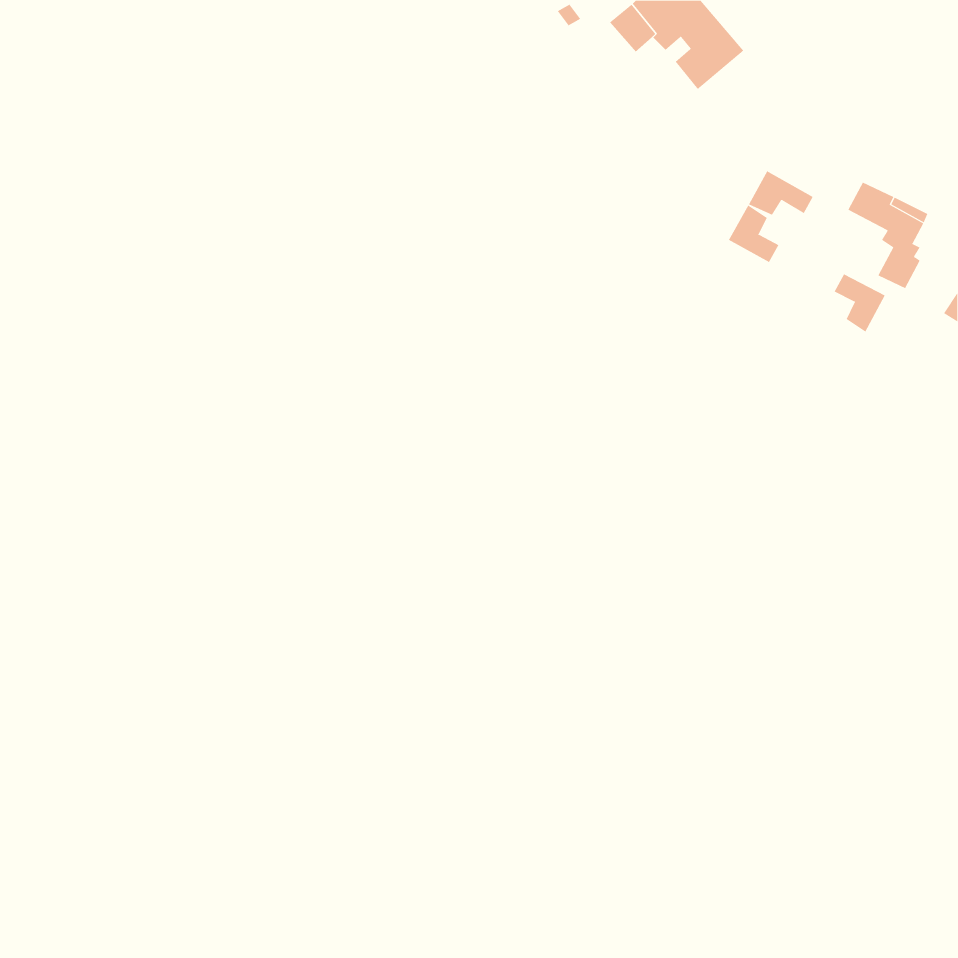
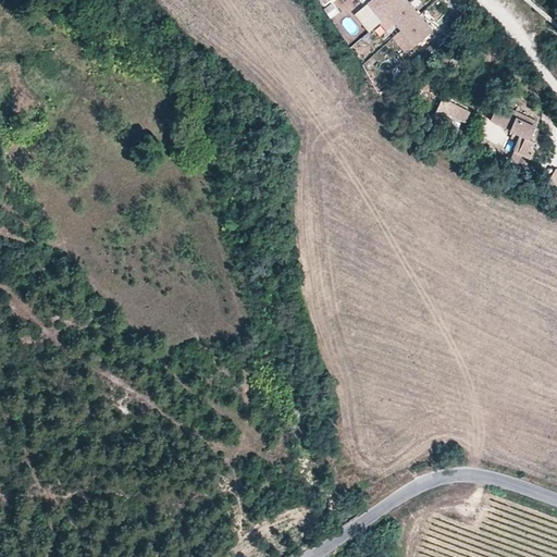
building: [728,204,779,263] -> none
building: [834,273,885,332] -> none

